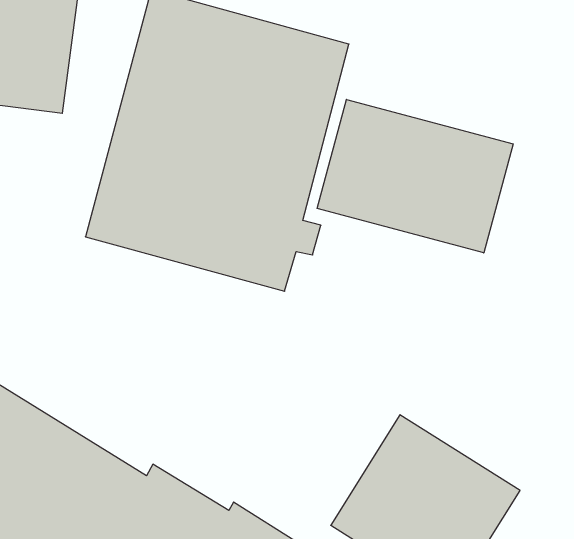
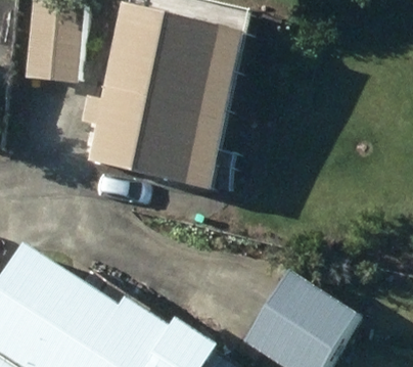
building: [317,99,513,253] -> none

